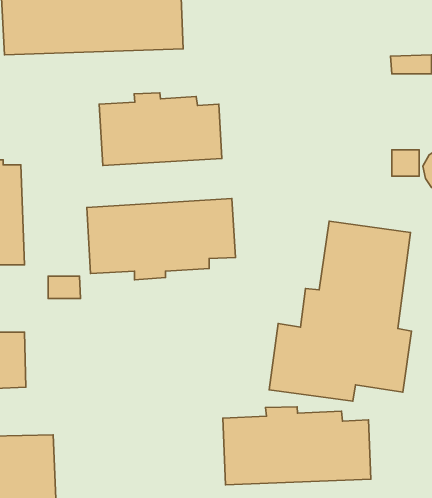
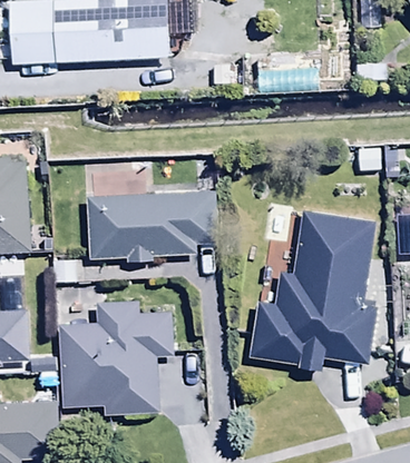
building: [99,93,222,166] -> none
building: none -> [60,298,177,416]
building: [223,407,371,485] -> none

